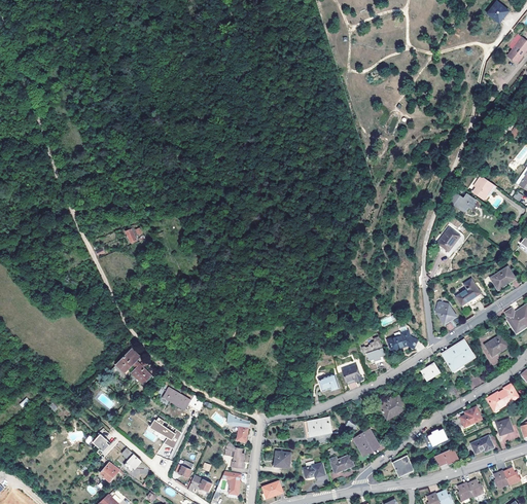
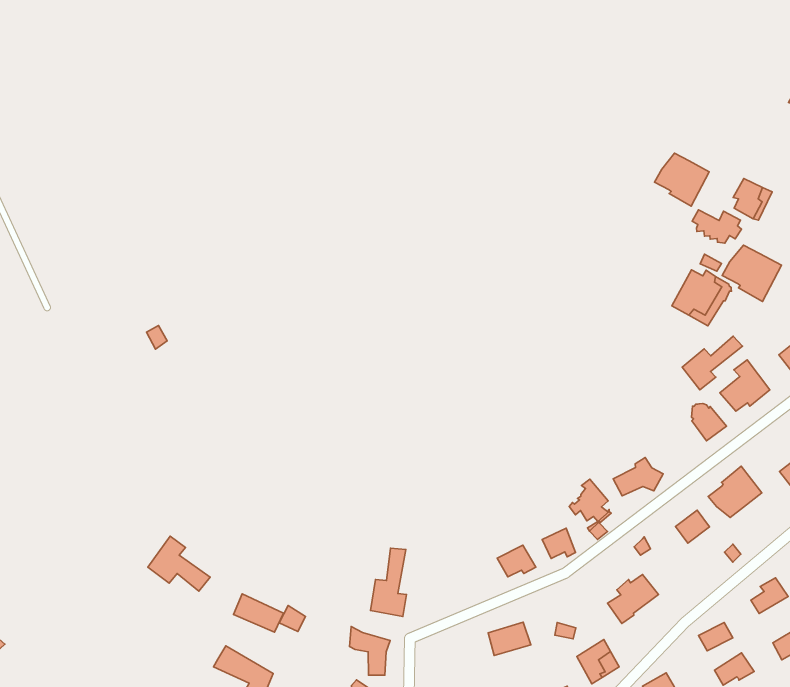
building: none -> [655,153,709,206]
building: none -> [722,245,782,302]
building: none -> [682,336,742,390]
building: none -> [371,548,407,617]

